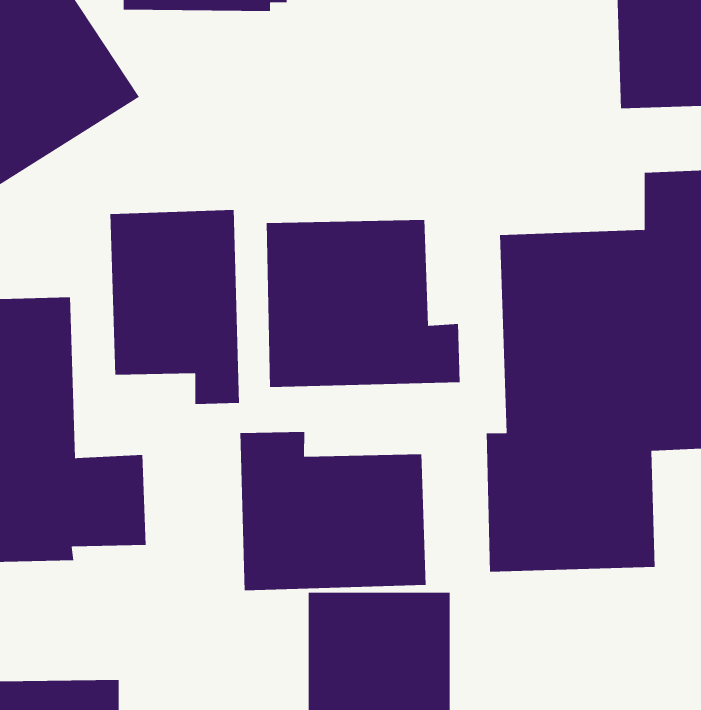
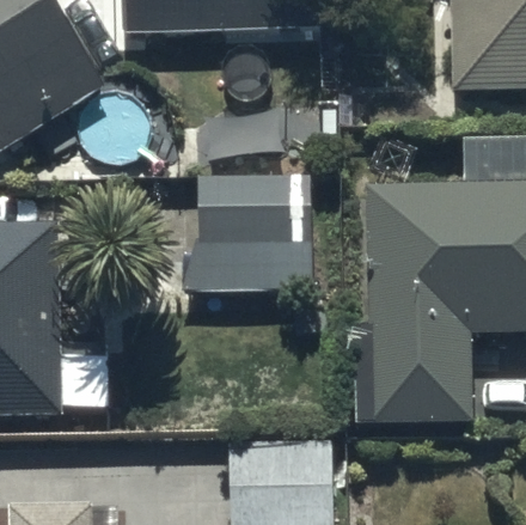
building: [110,209,239,405] -> none
building: [240,431,426,591] -> none

